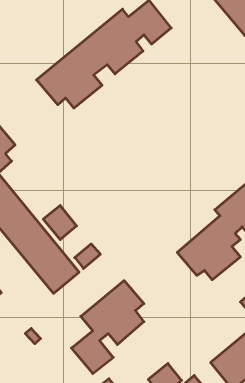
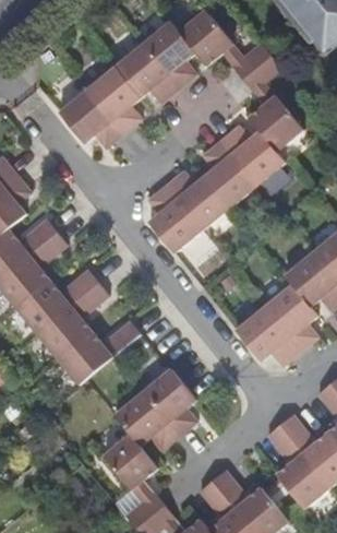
building: none -> [230,42,280,91]
building: none -> [149,95,301,252]
building: none -> [24,221,68,263]
building: none -> [270,414,314,457]

